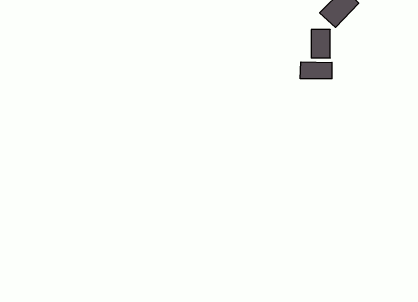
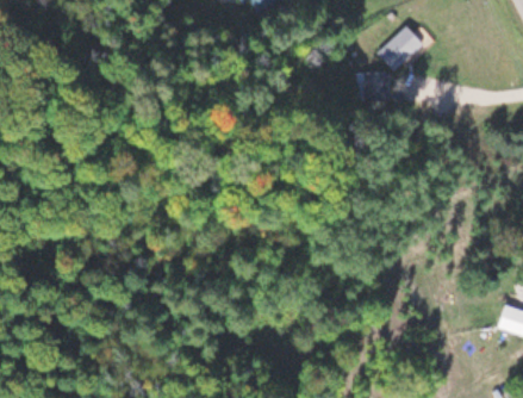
building: [300,62,332,79] -> none

